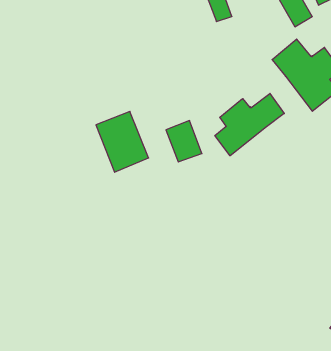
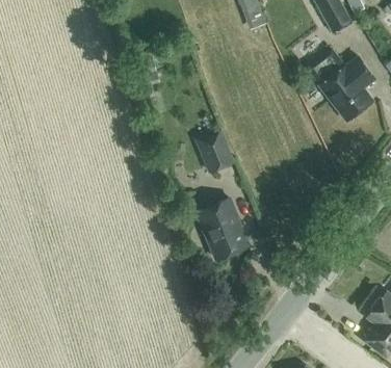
building: [215,93,284,156] -> none
building: [96,111,149,172] -> [197,198,250,259]

